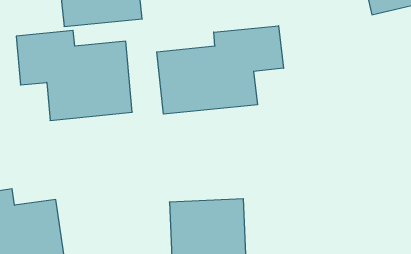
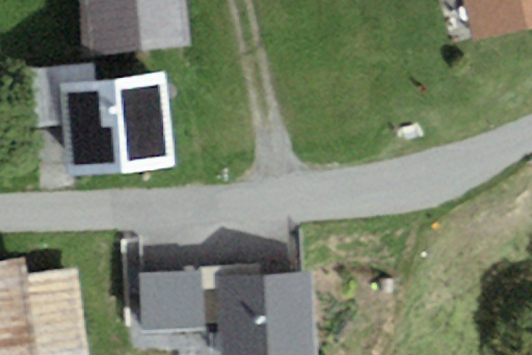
building: [157,26,284,114] -> none
building: none -> [141,269,202,329]

